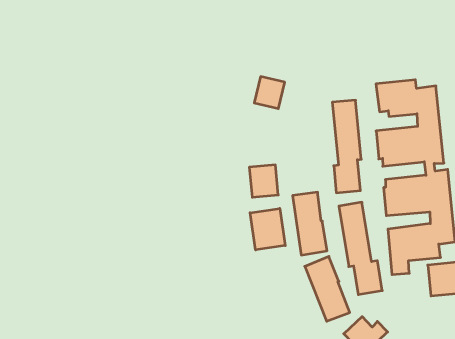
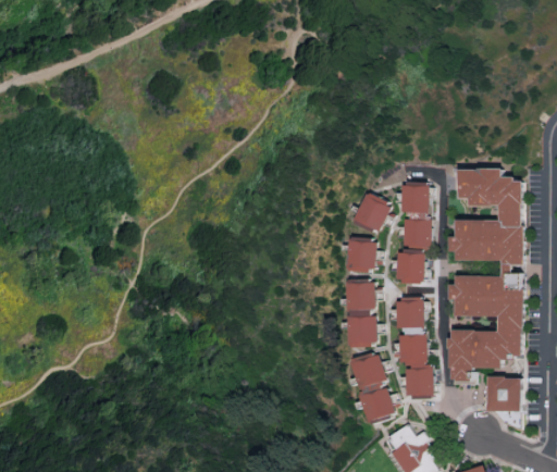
building: [254,77,285,109] -> [355,192,392,231]
building: [249,165,278,197] -> [346,237,376,272]
building: [250,208,285,250] -> none

